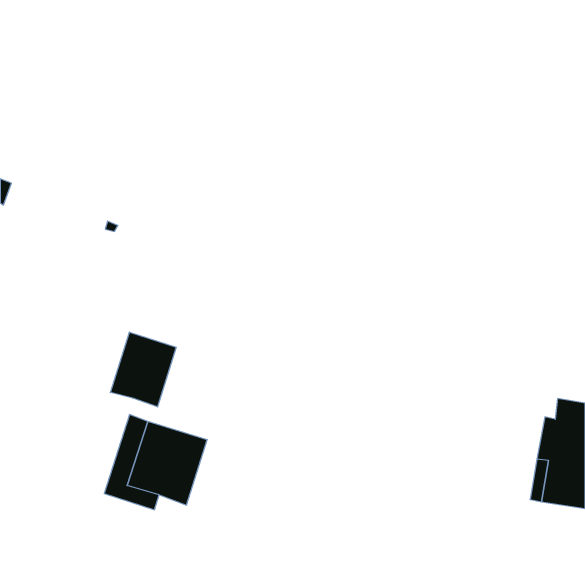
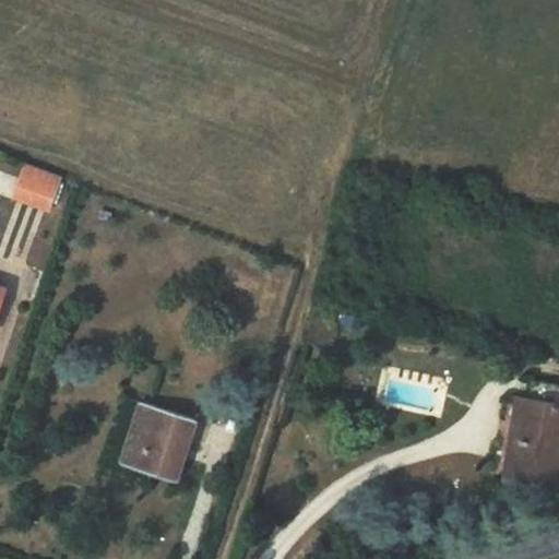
building: none -> [15,166,59,211]
building: [110,332,176,407] -> none

